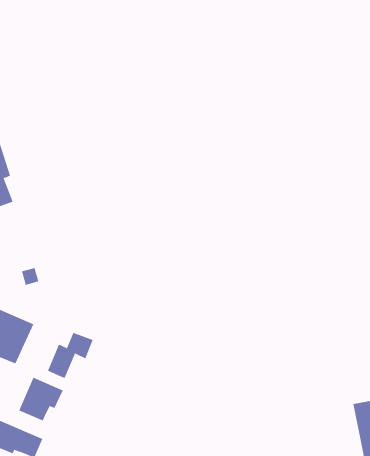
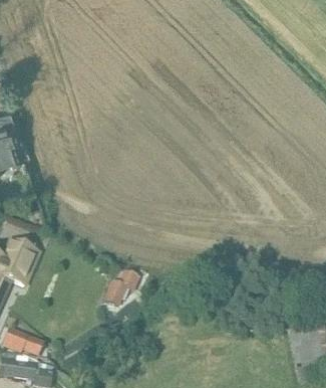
building: [47,332,93,379] -> [103,271,139,308]
building: [19,377,64,422] -> none

